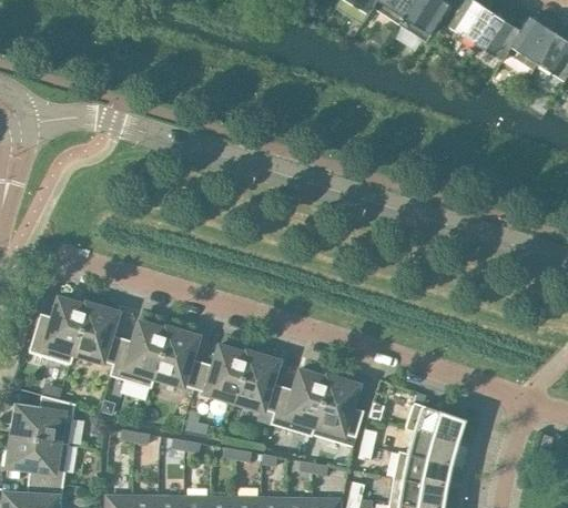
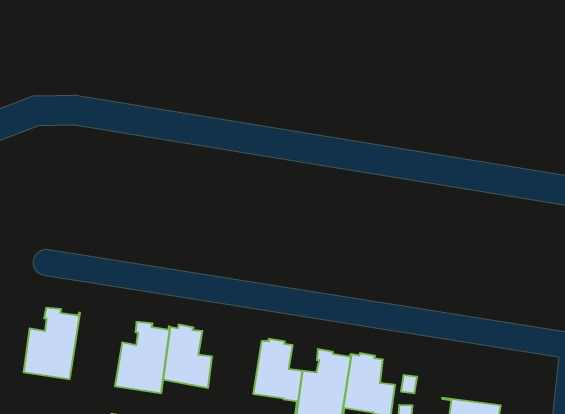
building: [70,303,122,375] -> none
building: [194,343,248,399] -> none
building: [405,402,464,441] -> none

